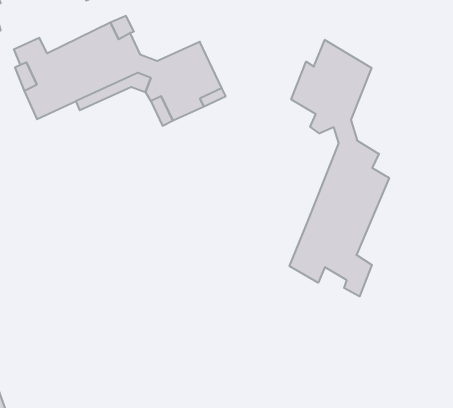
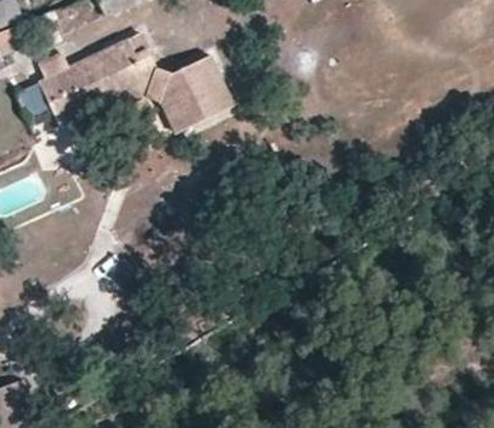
building: [290,40,389,296] -> none

